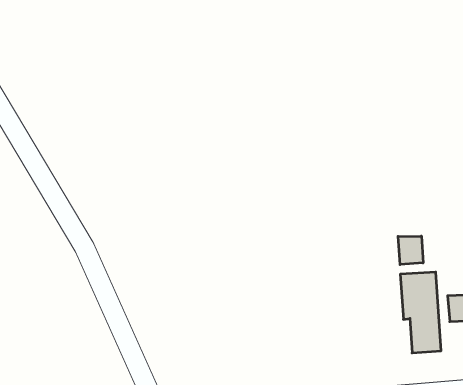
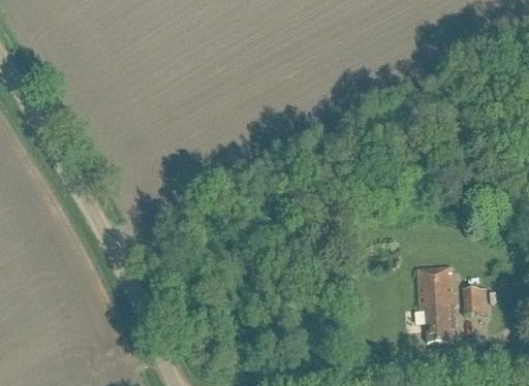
building: [398,236,423,265] -> none

